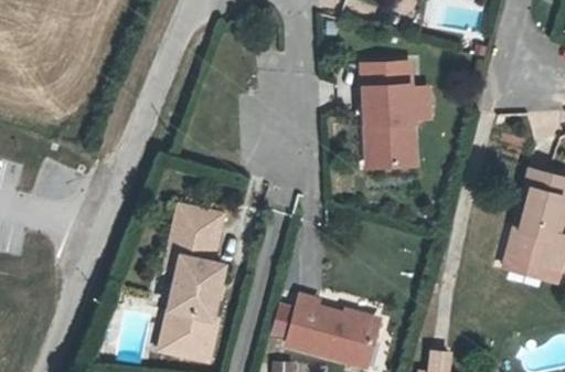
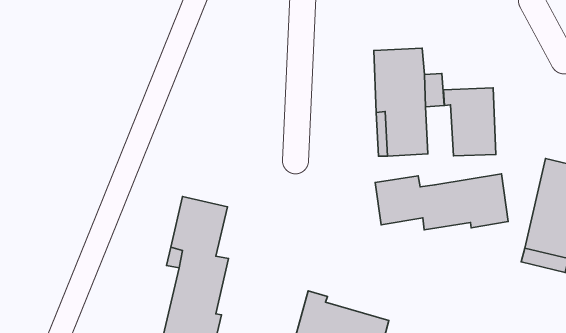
building: none -> [444,88,496,156]
building: none -> [375,174,508,230]

